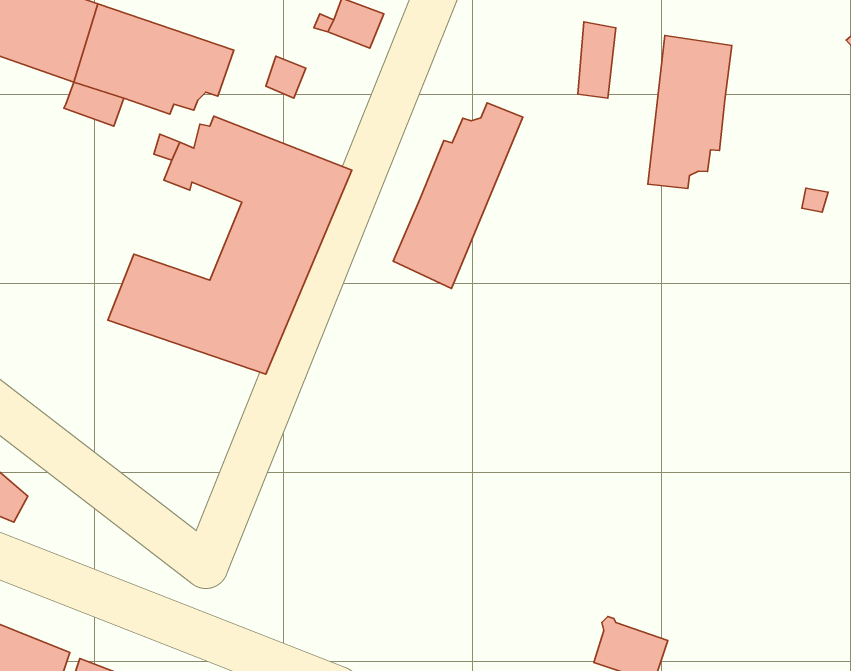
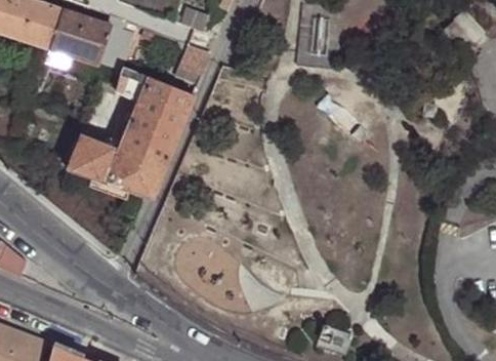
building: [648,36,732,188] -> none
building: none -> [174,43,209,83]
building: [393,103,523,289] -> none

